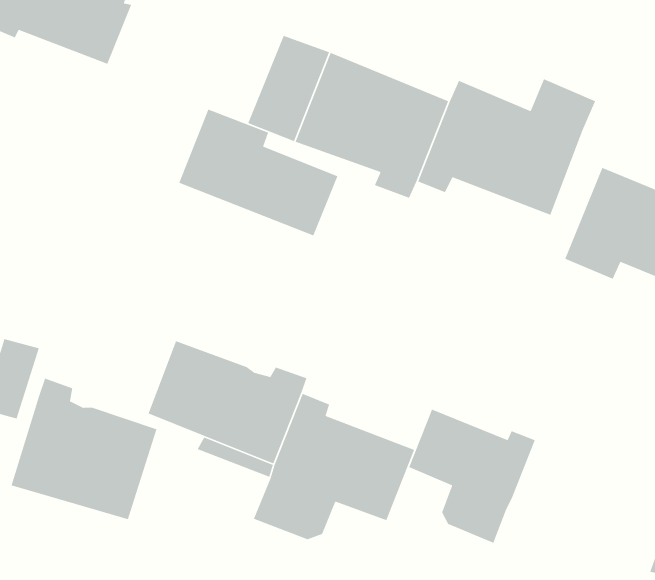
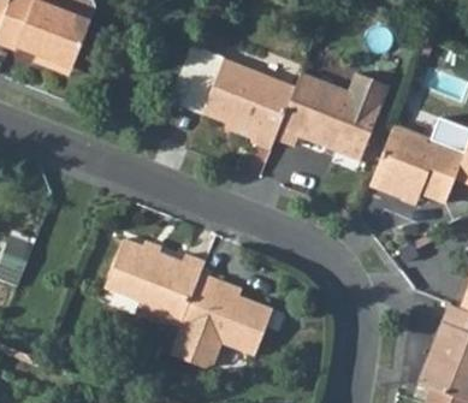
building: [178,108,339,236] -> none
building: [11,377,158,520] -> none
building: [408,408,536,544] -> none

